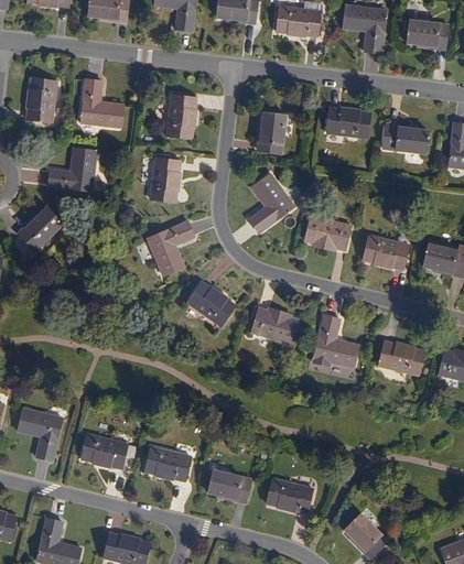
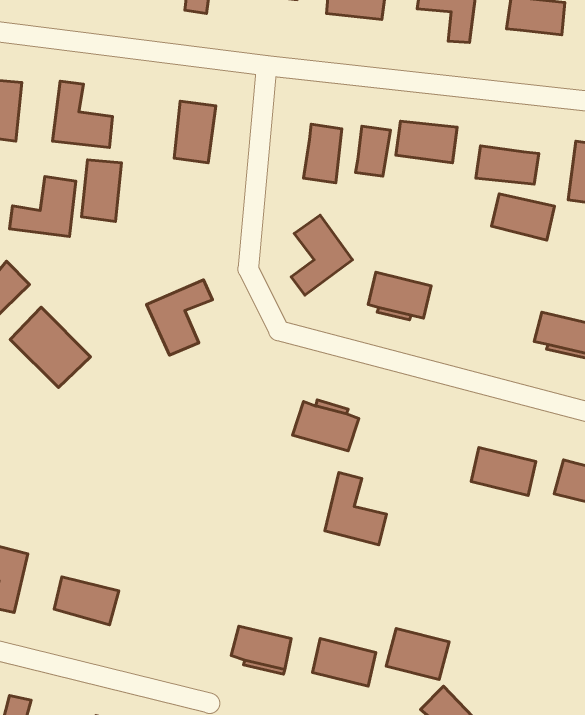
building: none -> [355,126,390,176]
building: [151,158,180,202] -> [82,160,122,221]
building: [364,236,409,269] -> [492,194,555,240]
building: none -> [10,307,91,388]
building: [186,283,234,326] -> none
building: [313,315,357,367] -> [325,472,386,545]
building: [144,446,191,480] -> none
building: none -> [386,629,449,680]

